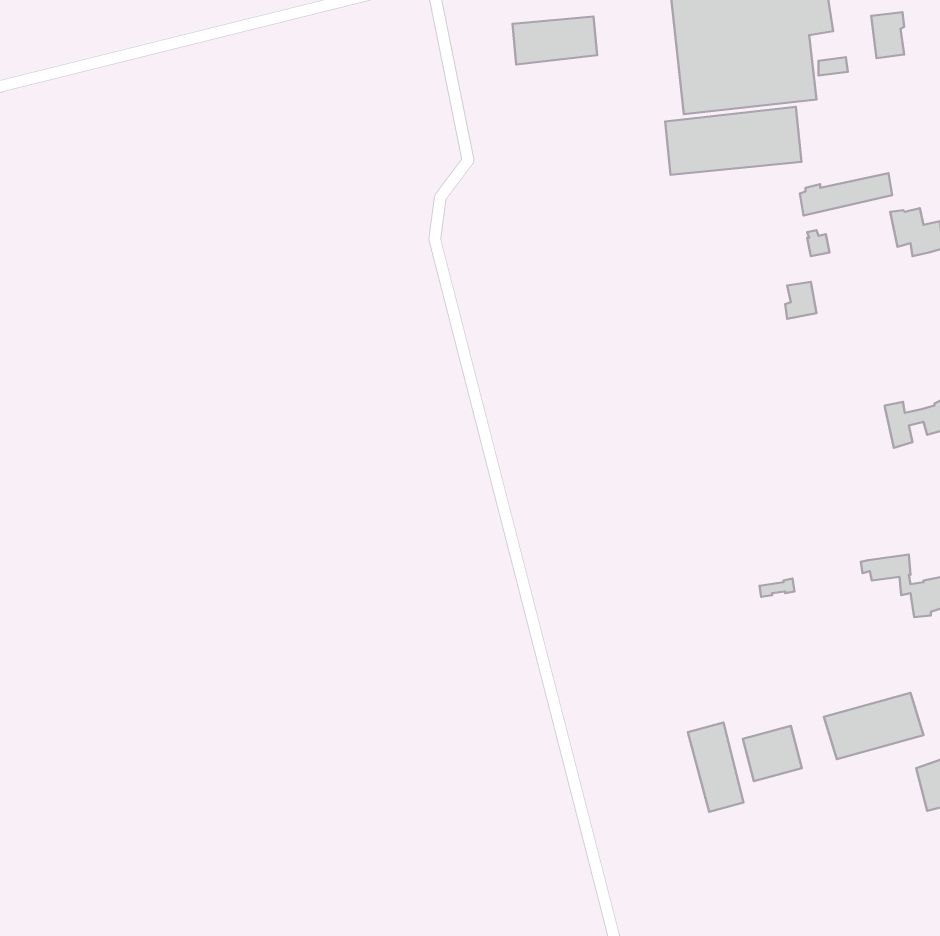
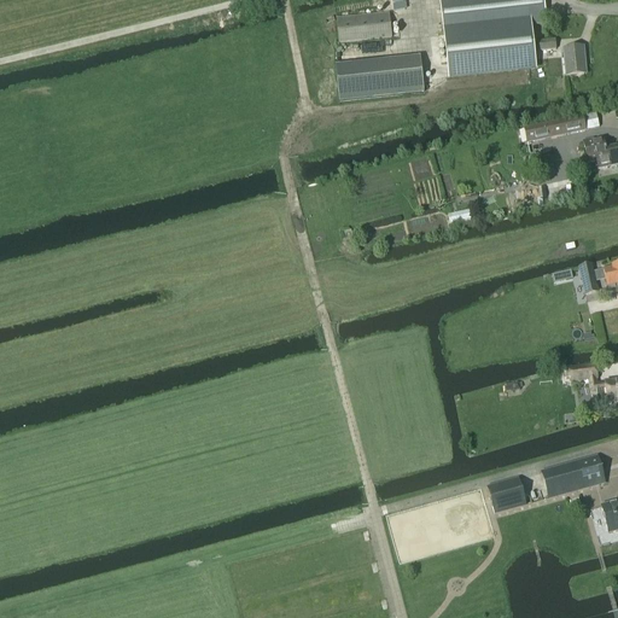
building: [871,12,904,58] -> [564,45,585,75]
building: [665,107,801,175] -> [336,54,425,99]
building: [688,722,743,812] -> none

